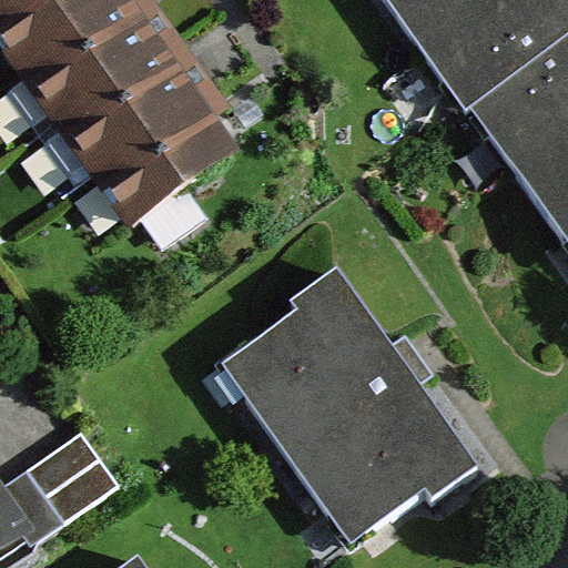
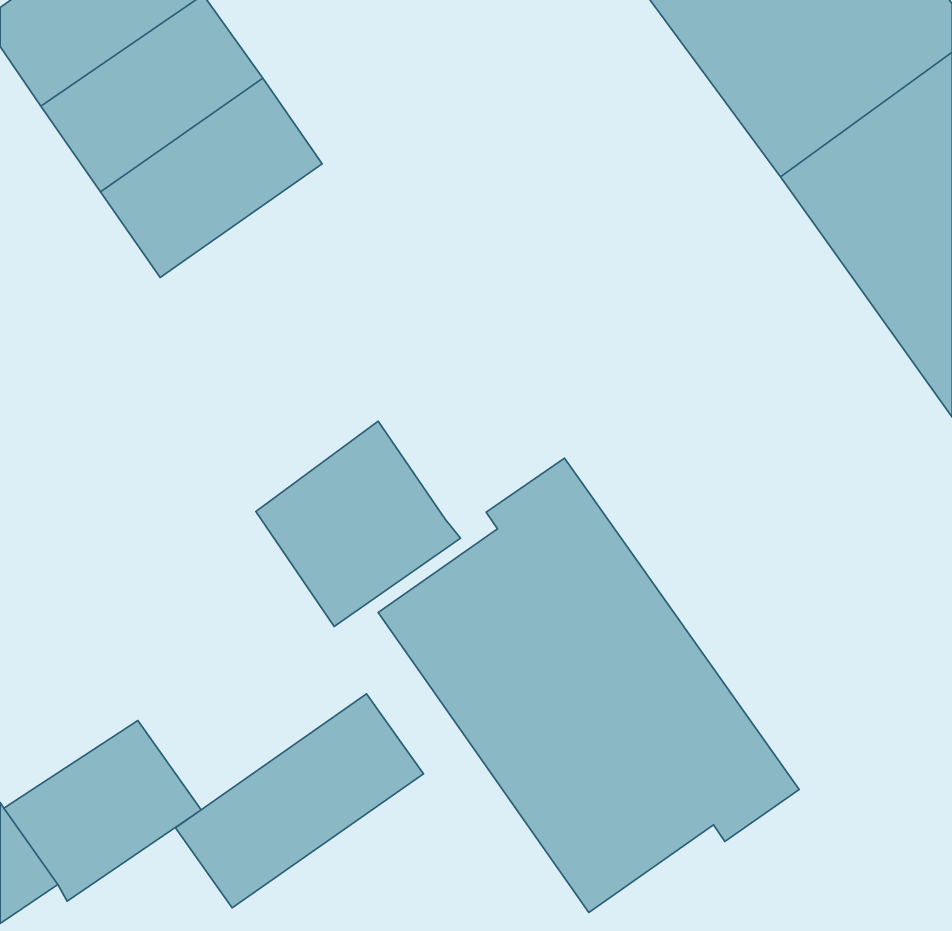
building: [95,98,227,215] -> none
building: none -> [256,421,460,627]
building: none -> [176,694,423,908]

